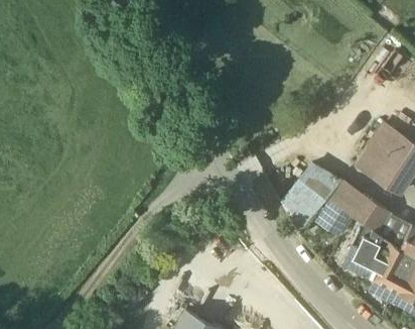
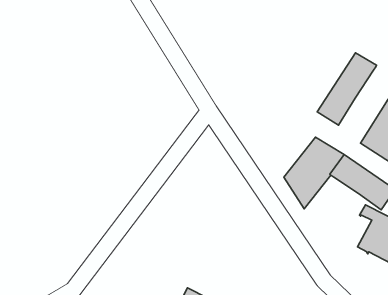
building: none -> [317,53,376,125]
building: [317,201,354,235] -> none

